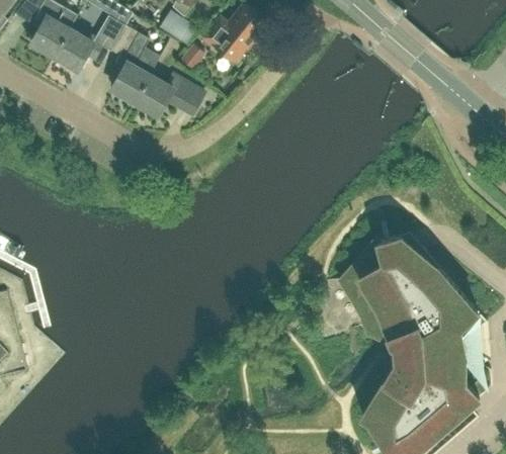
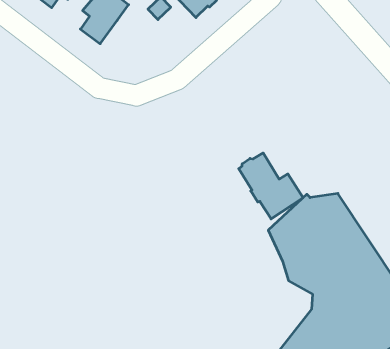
building: [134,77,203,117] -> none
building: none -> [239,153,303,219]

